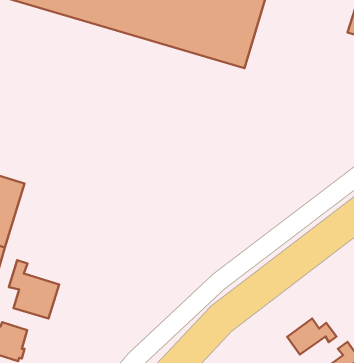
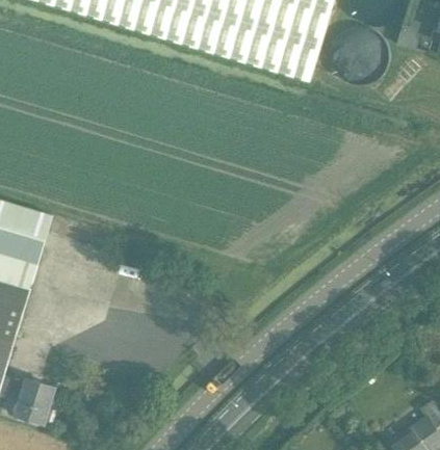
building: [9,260,59,319] -> none
building: [287,319,336,355] -> none

